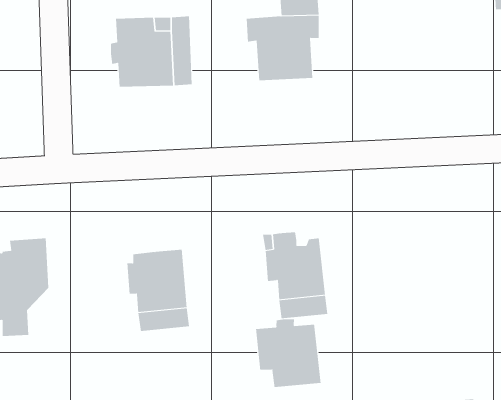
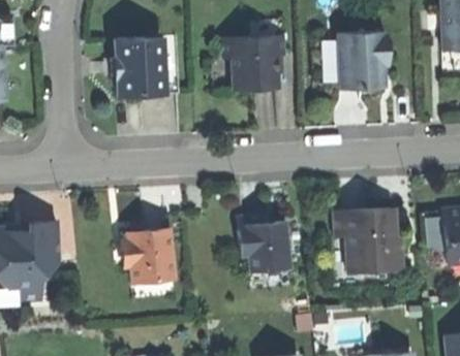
building: none -> [337,32,387,89]
building: none -> [333,207,402,270]
building: [256,319,321,388] -> none

